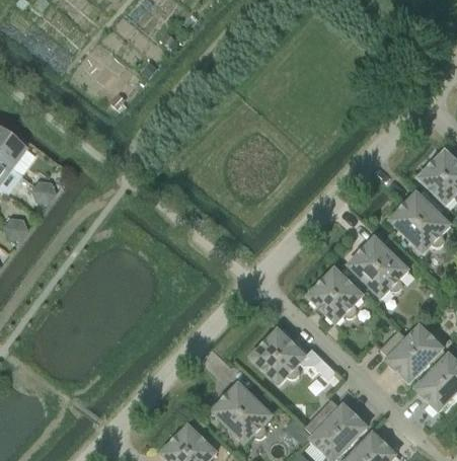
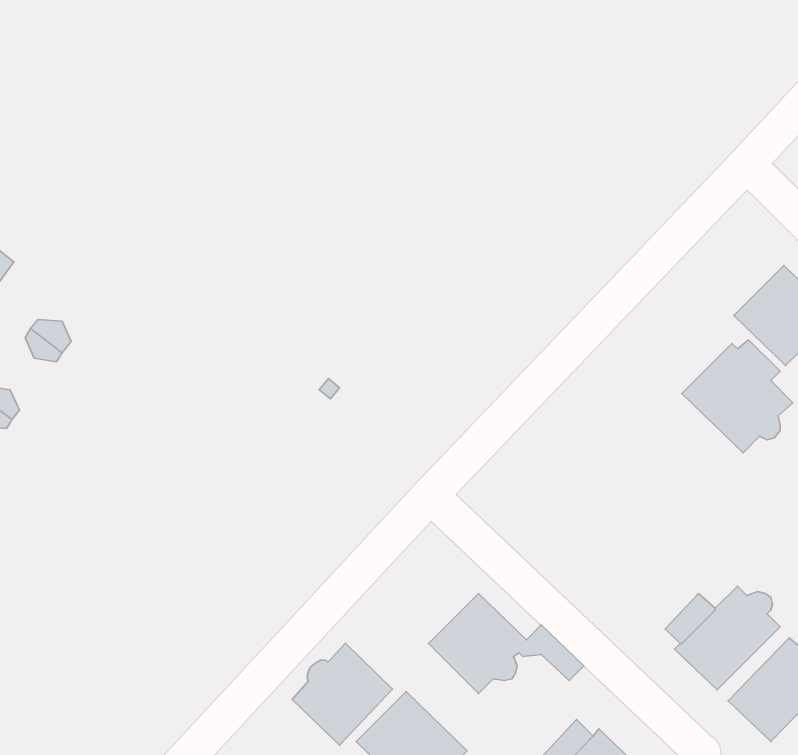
building: [349,237,409,297] -> none
building: [308,267,363,322] -> none
building: none -> [292,643,393,745]

